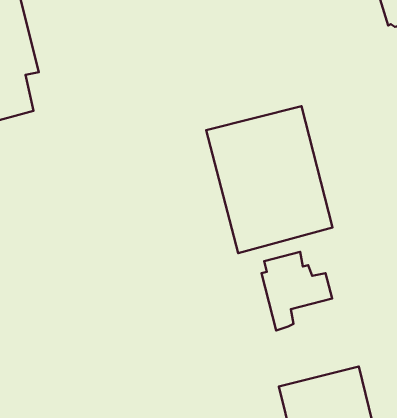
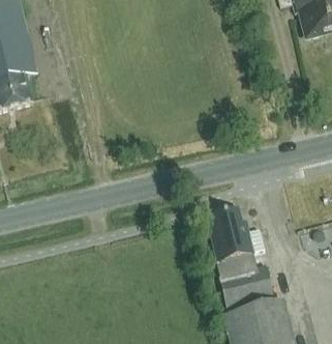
building: [206,106,333,253] -> none
building: none -> [217,262,273,309]

